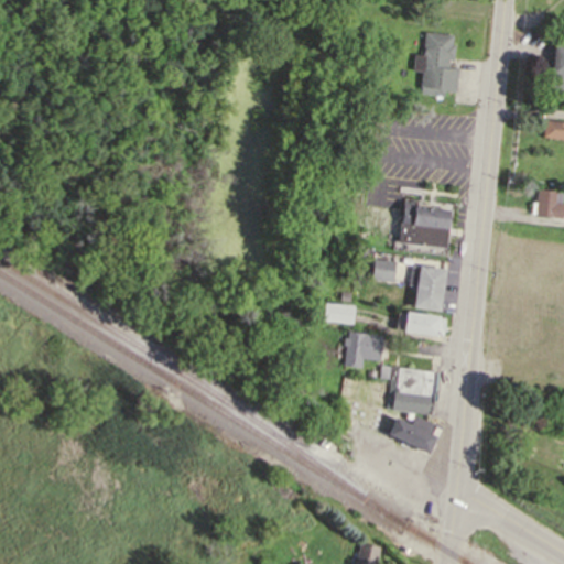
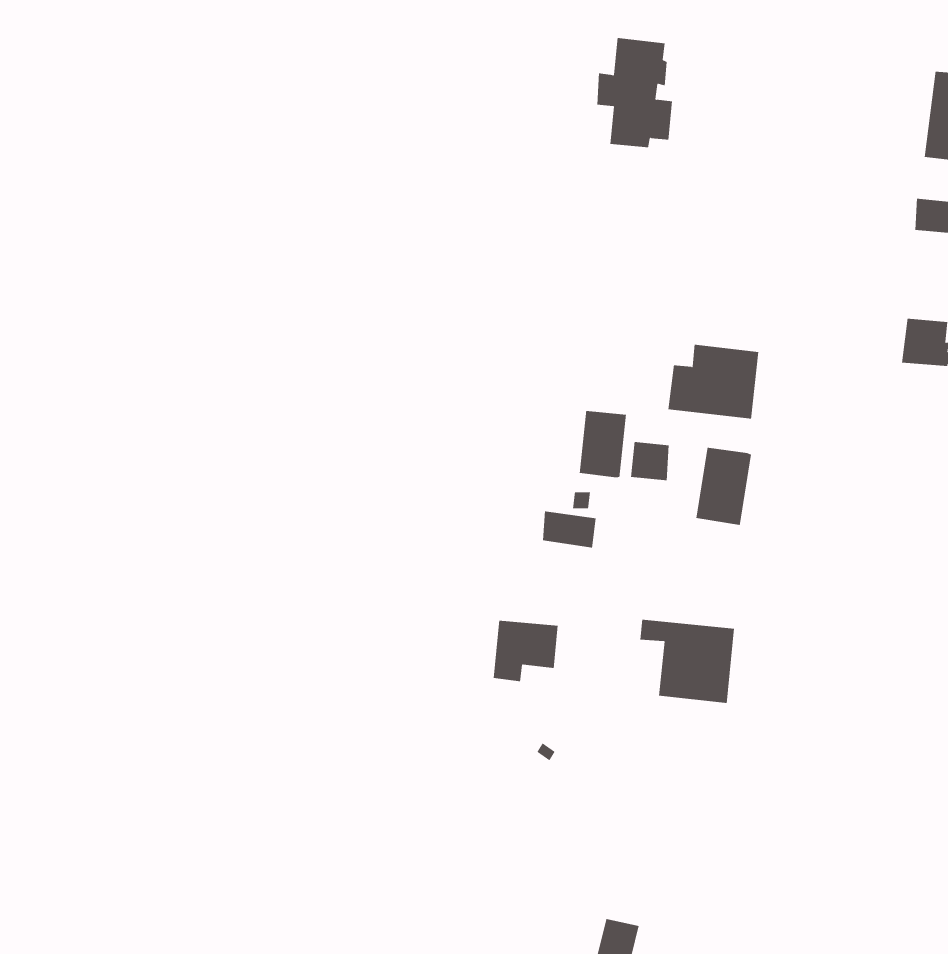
building: [414,31,459,96] -> [596,37,673,148]
building: none -> [579,410,627,478]
building: [404,311,446,336] -> none
building: [346,332,384,368] -> [493,620,558,682]
building: [388,415,437,454] -> none

